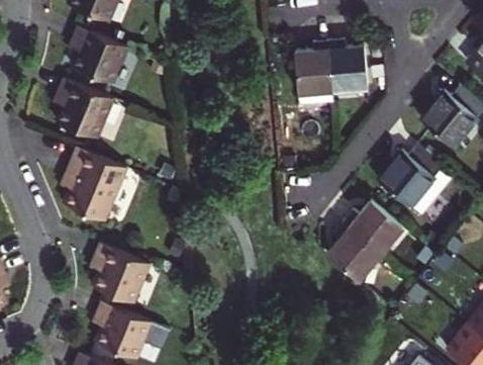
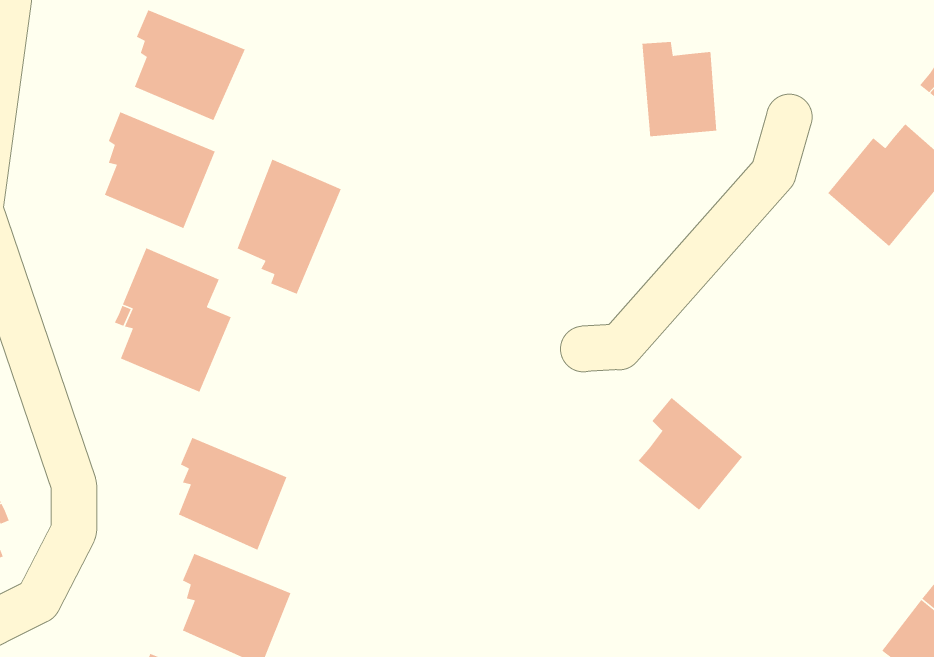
building: [295,44,333,106] -> none
building: none -> [236,159,342,295]
building: [379,145,455,216] -> none
building: [344,201,402,254] -> none

